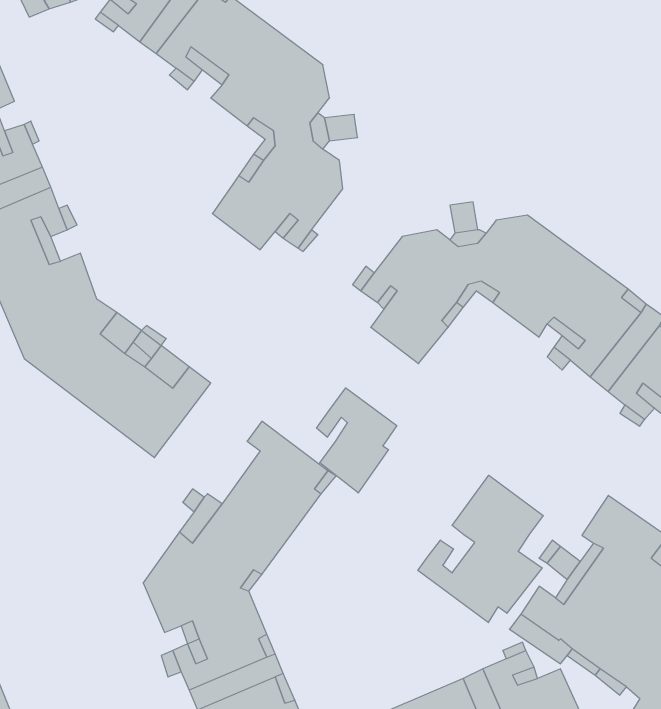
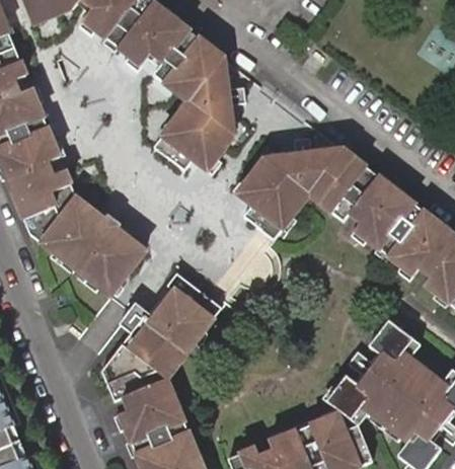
building: [317,388,397,493] -> none
building: [418,475,543,623] -> none

